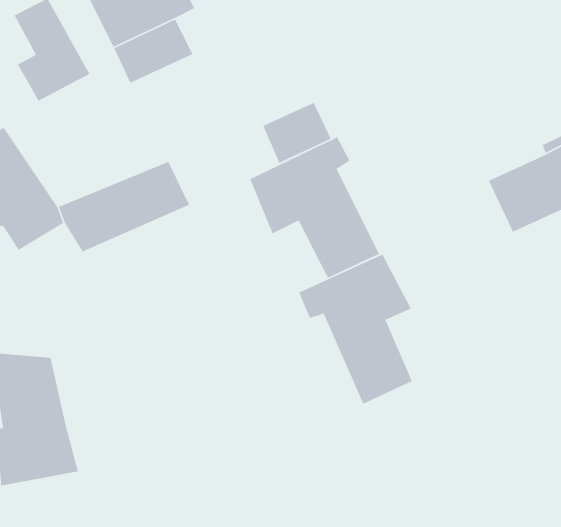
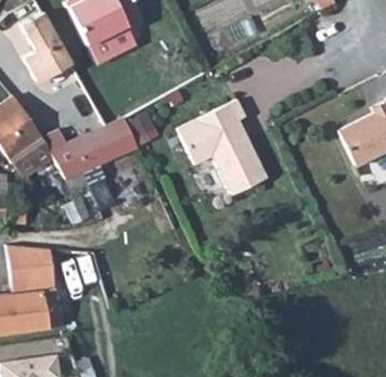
building: [262,102,332,164] -> none
building: [298,254,413,405] -> none

